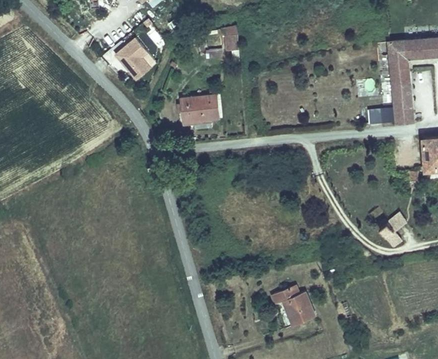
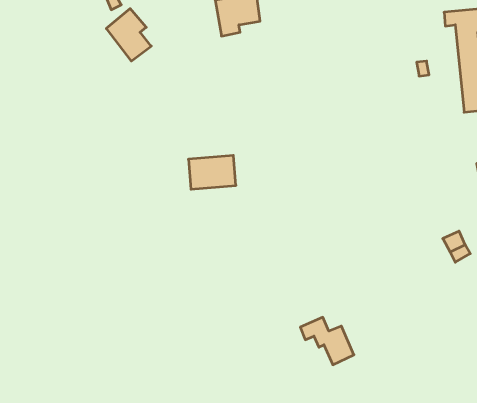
building: [179,95,217,122] -> [188,155,236,189]
building: [365,106,391,123] -> none

